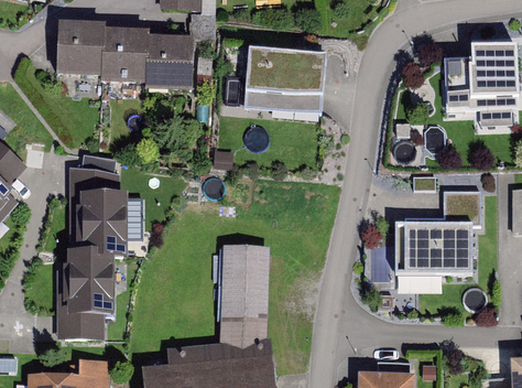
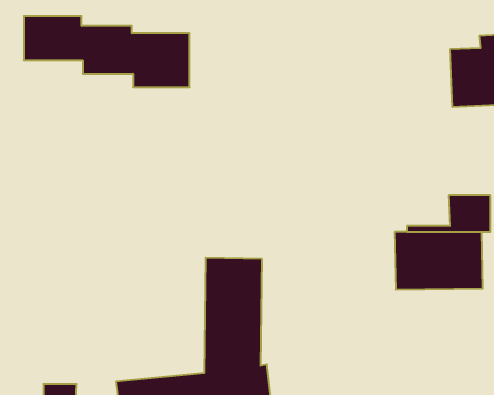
building: [241,46,325,111] -> none
building: [55,165,124,340] -> none

